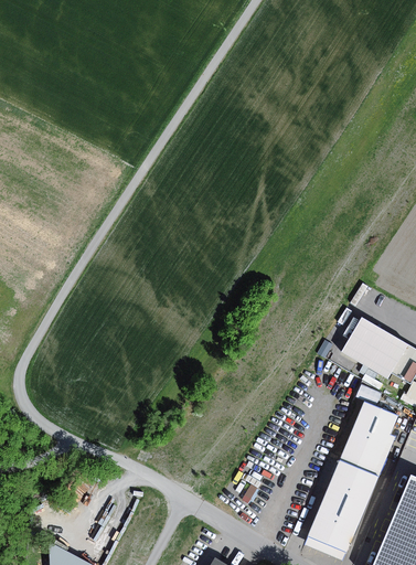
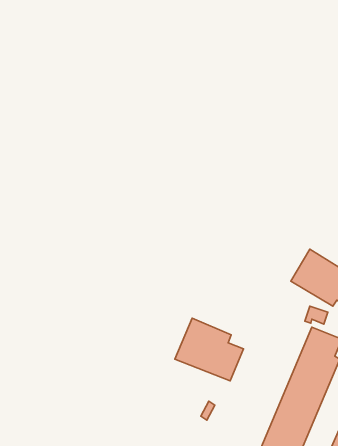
building: none -> [175,318,243,381]

